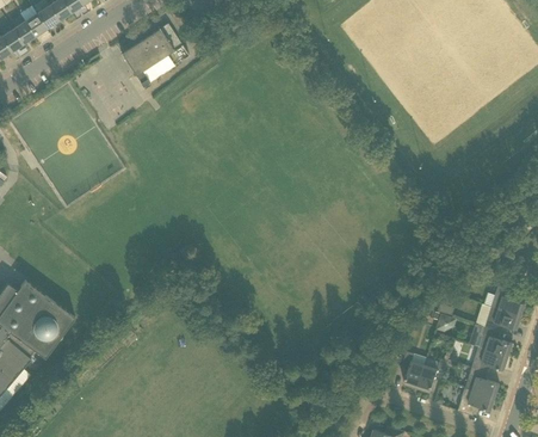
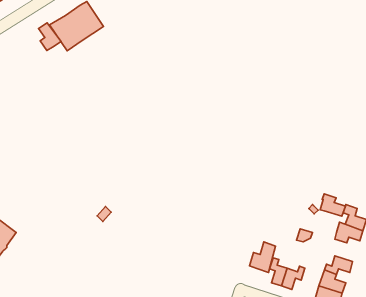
building: none -> [39,23,61,51]
building: [480,327,512,356] -> [320,194,345,216]
building: none -> [249,242,275,273]

